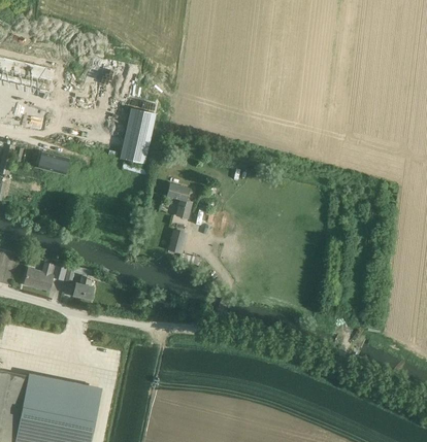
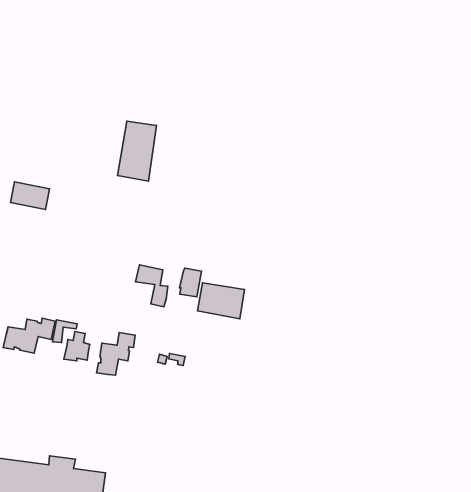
building: [166,183,192,218] -> [136,265,168,307]
building: none -> [197,283,245,319]
building: none -> [97,333,135,375]

